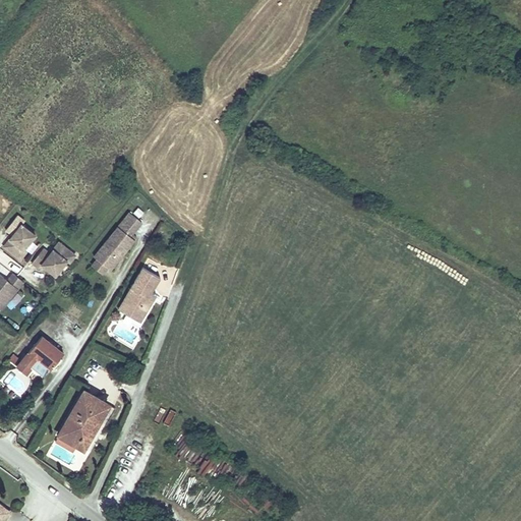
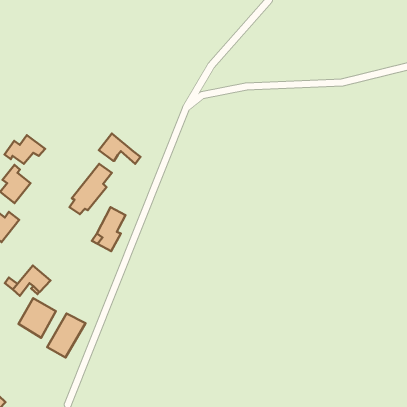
building: none -> [99,134,140,164]
building: [30,238,81,275] -> [5,135,45,164]
building: none -> [19,298,56,338]

